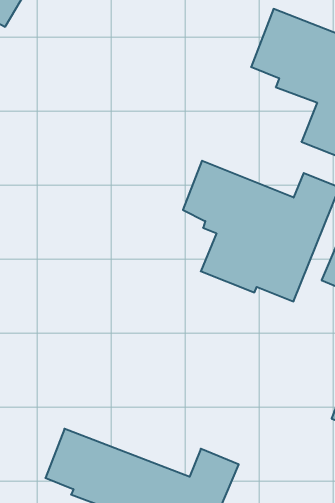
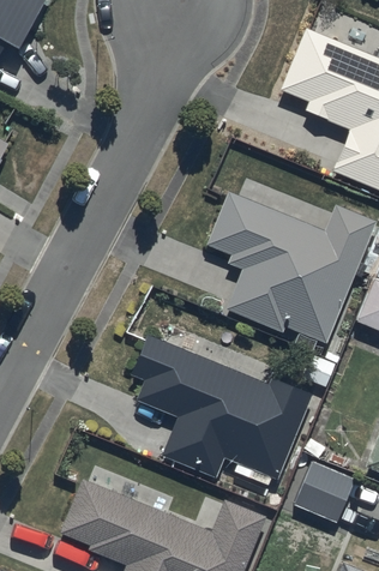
building: none -> [131,333,312,477]
building: none -> [295,459,356,522]

